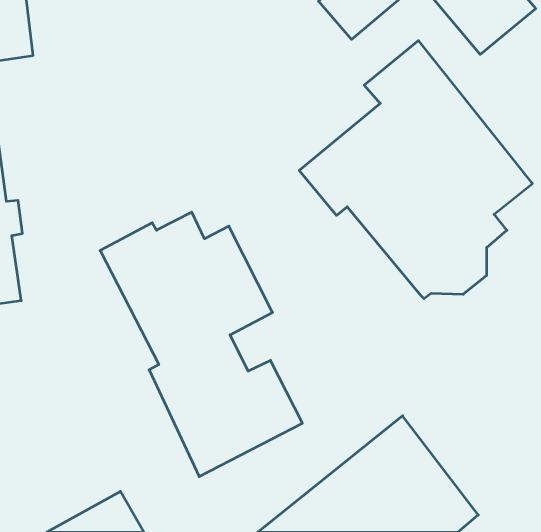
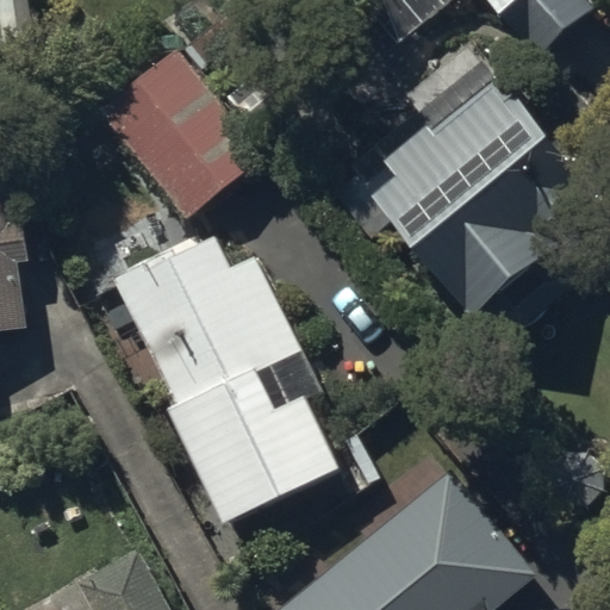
building: none -> [100,49,267,220]

